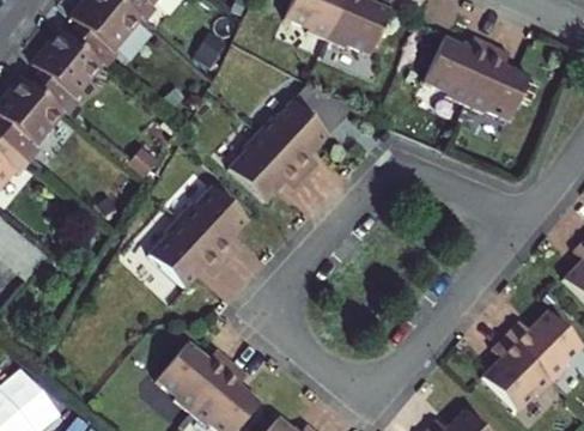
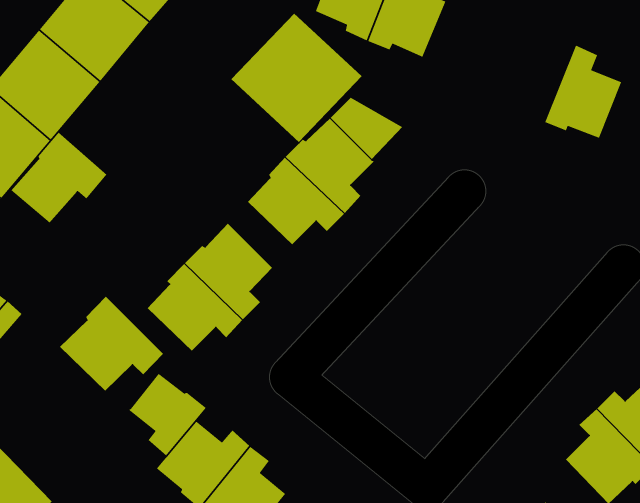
building: none -> [231,13,362,143]
building: [420,35,488,104] -> none
building: none -> [11,131,108,223]
building: none -> [59,296,164,391]
building: none -> [128,373,207,456]

